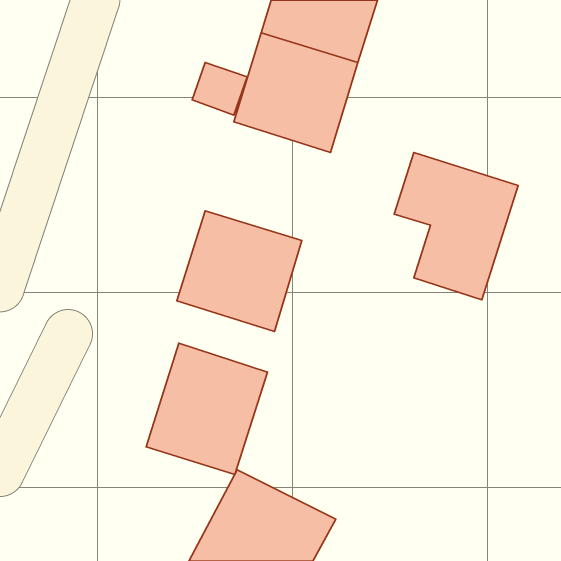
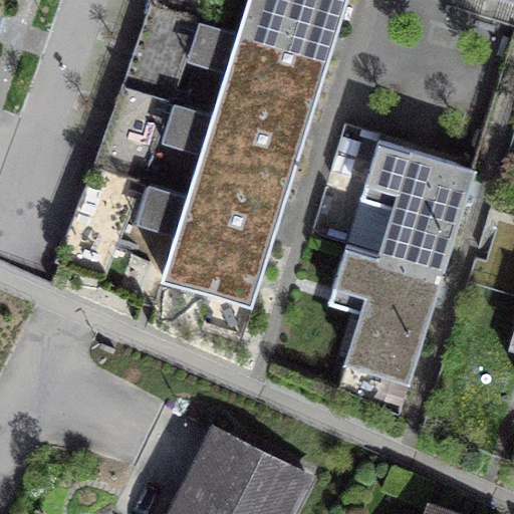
building: none -> [188,111,302,220]
building: none -> [329,245,441,379]
building: [146,343,268,474] -> none

